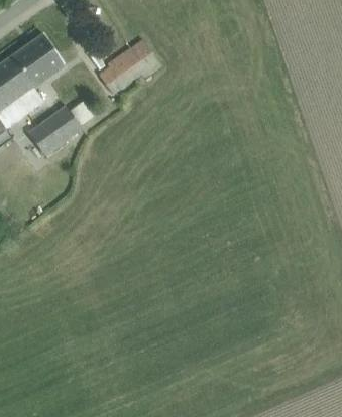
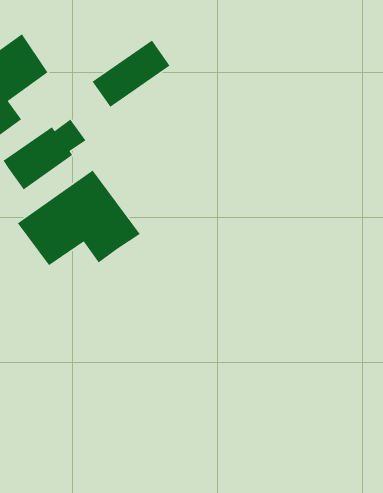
building: none -> [17,169,141,266]

